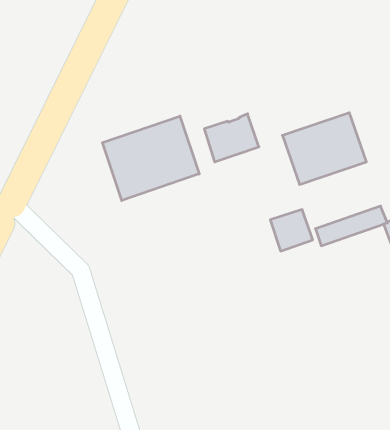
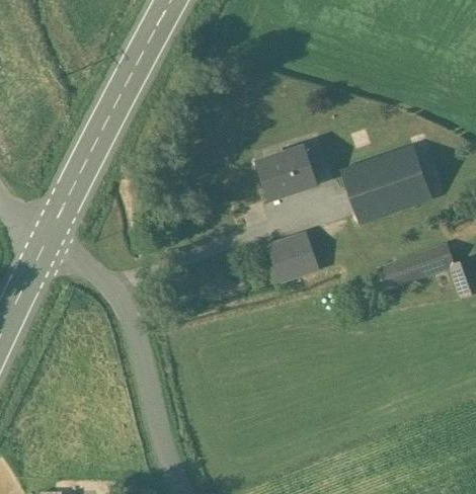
building: [102,116,199,201] -> none
building: [270,210,313,251] -> [269,235,315,279]

